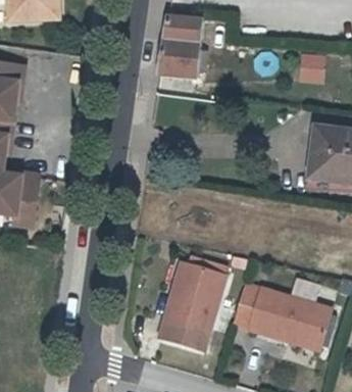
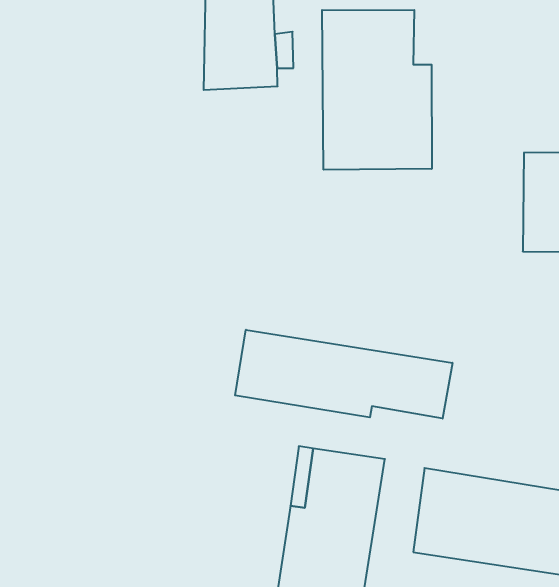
building: none -> [322,10,432,170]
building: none -> [235,330,452,419]

